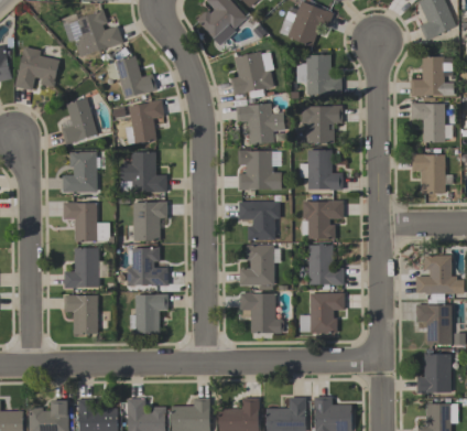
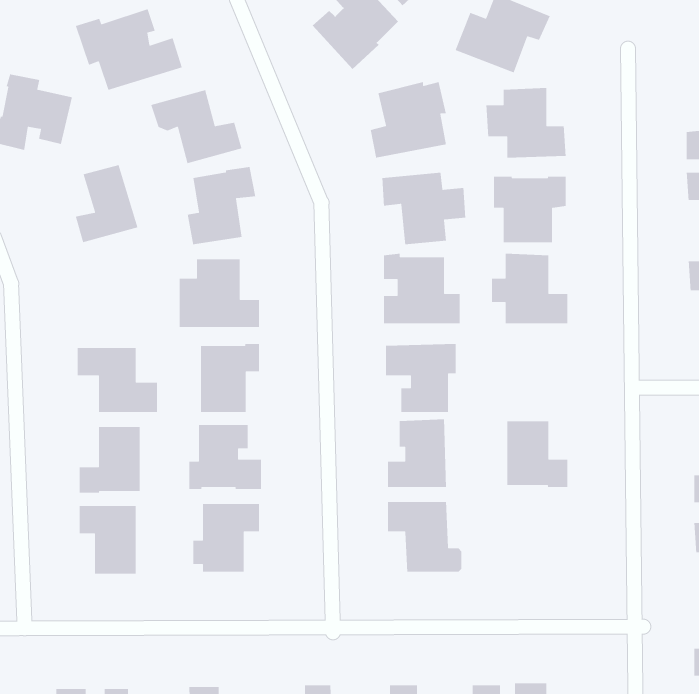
building: [63,153,97,193] -> none
building: [303,202,344,240] -> none
building: [300,293,344,333] -> none

